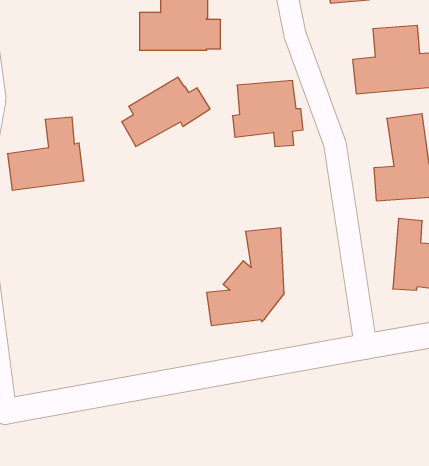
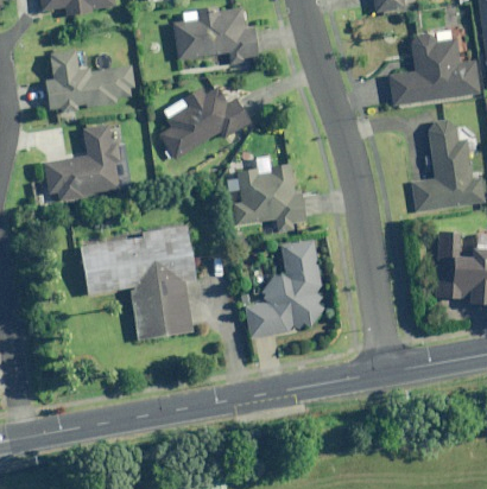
building: none -> [44,45,126,108]
building: [232,81,303,146] -> [232,166,303,233]
building: none -> [78,228,196,338]

